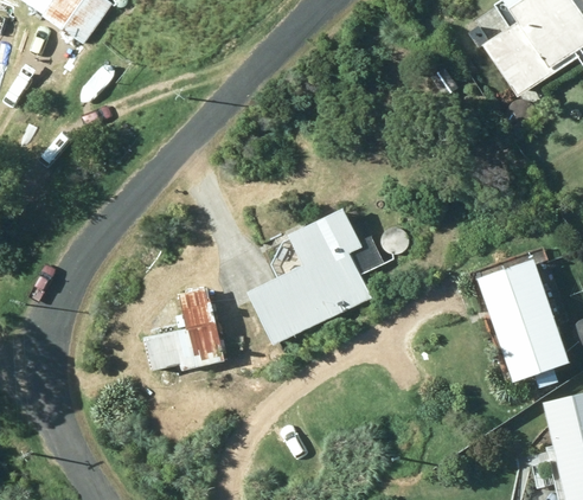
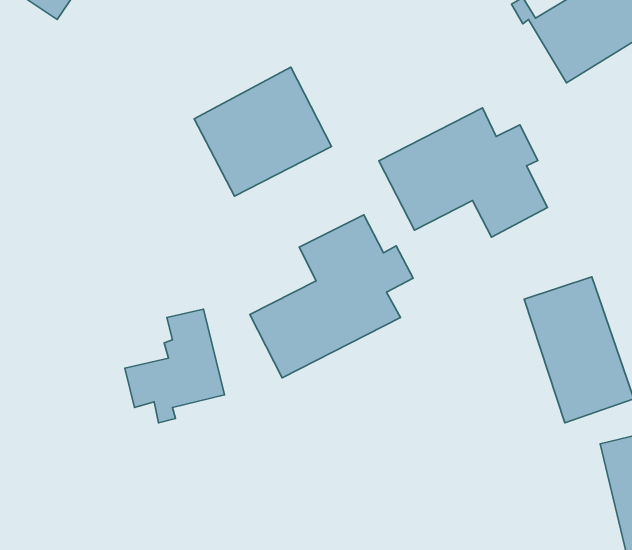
building: none -> [194,67,332,196]
building: none -> [379,108,548,237]

